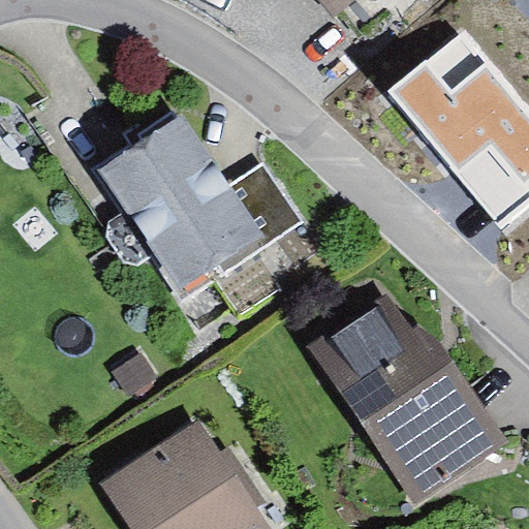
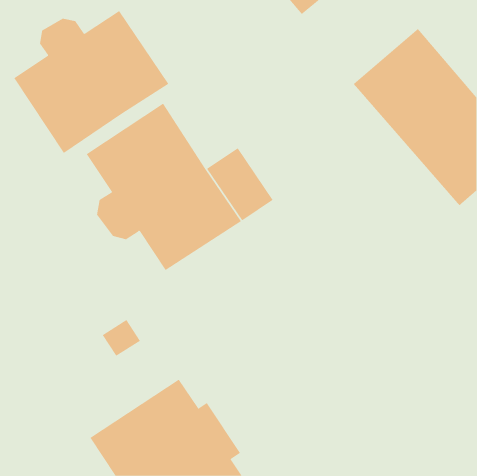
building: none -> [14,10,169,154]
building: [309,292,502,499] -> none

